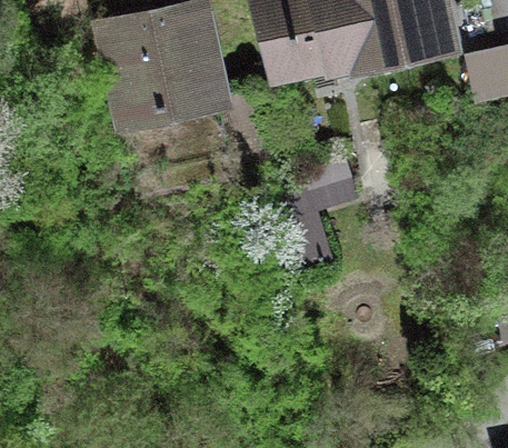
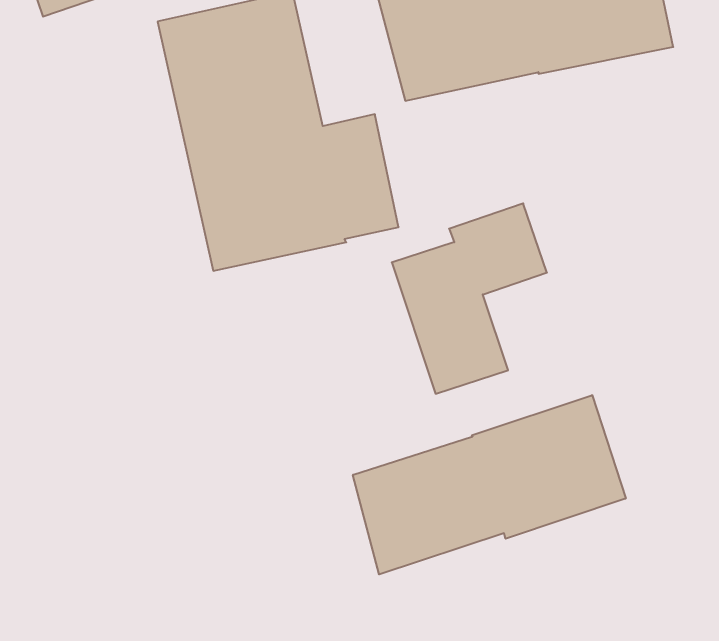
building: none -> [353,395,626,574]

